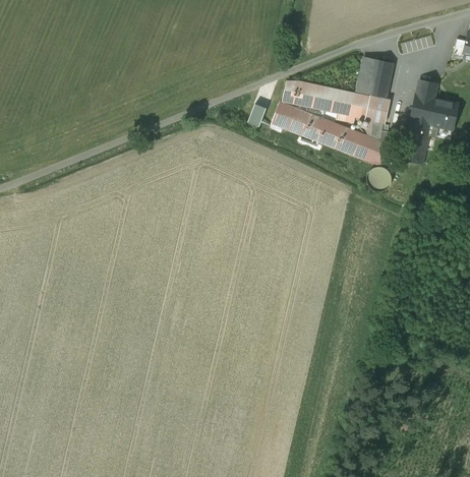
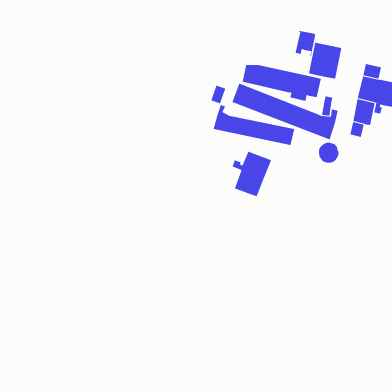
building: [364,94,390,123] -> [293,30,316,57]
building: none -> [213,104,295,146]
building: none -> [232,151,272,197]

